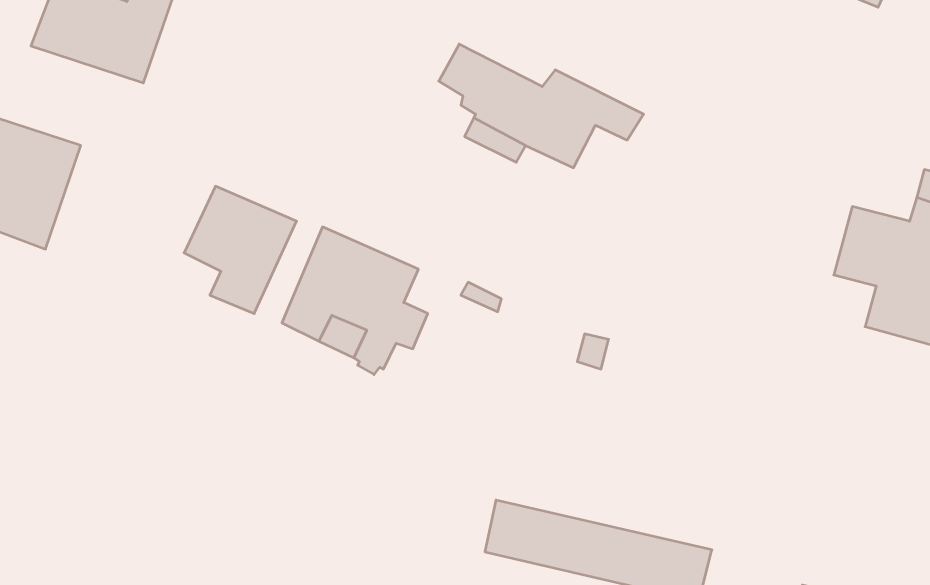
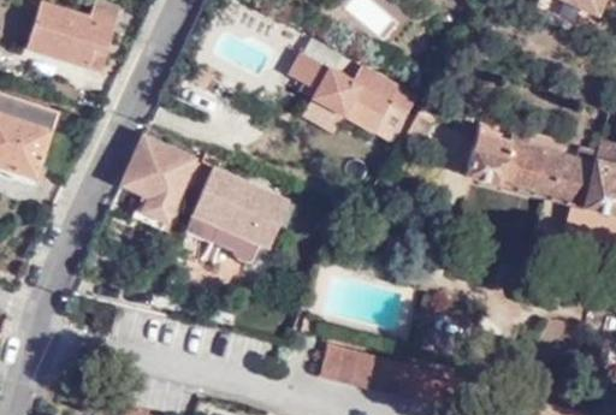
building: none -> [467,125,562,197]

